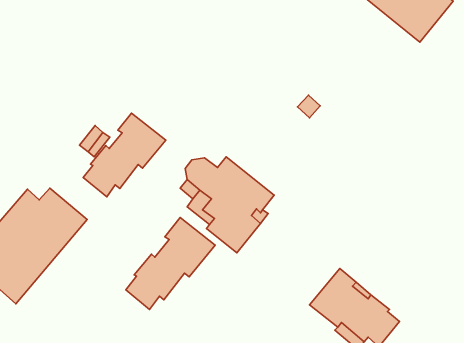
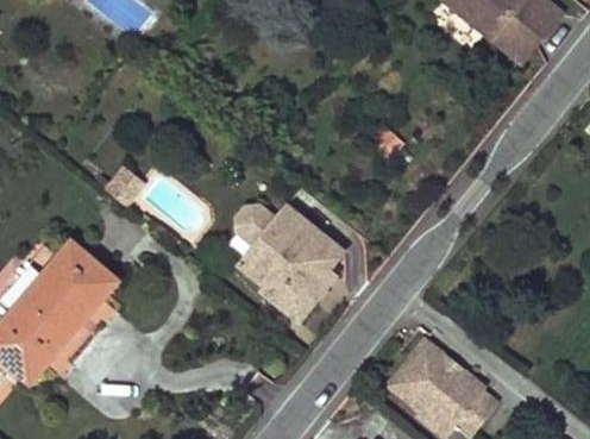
building: [83,113,166,197] -> none
building: [126,218,215,310] -> none

